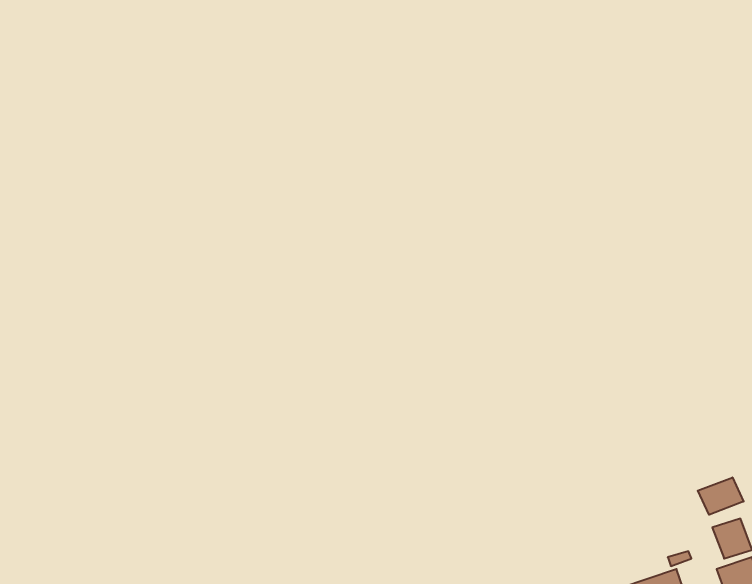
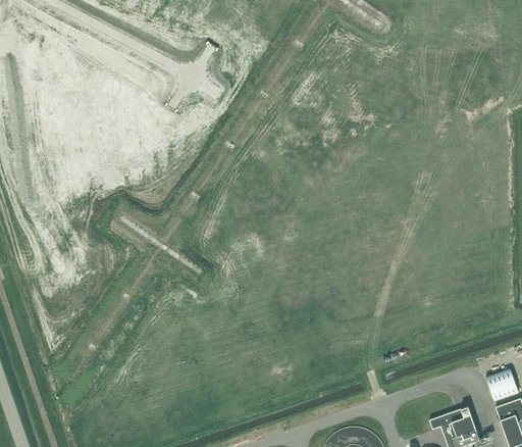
building: [698,477,744,515] -> none

